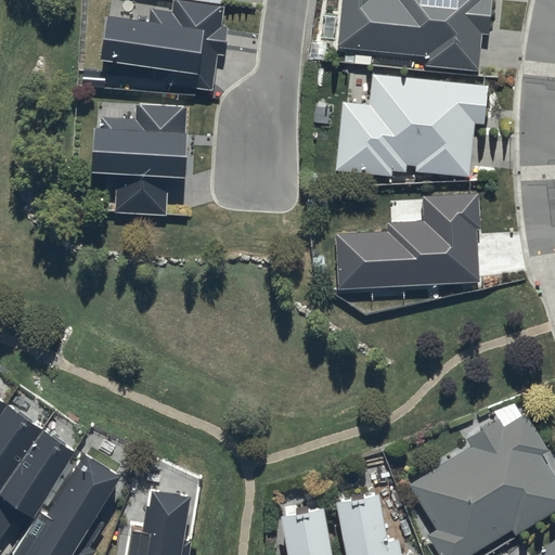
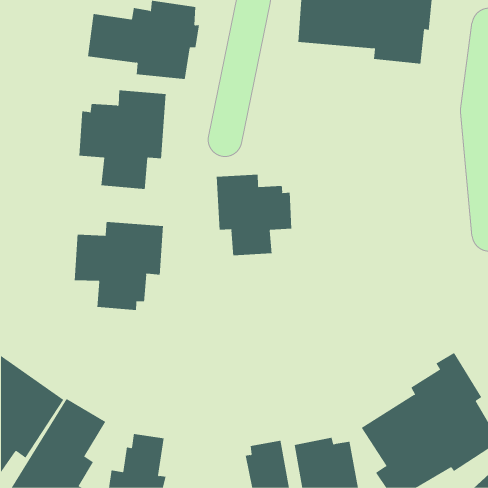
building: [335,75,487,178] -> none
building: [338,192,482,286] -> none
building: none -> [216,174,292,256]
building: none -> [74,221,164,311]

